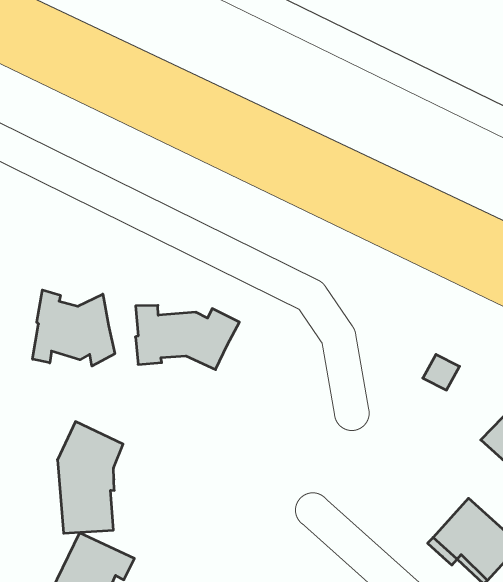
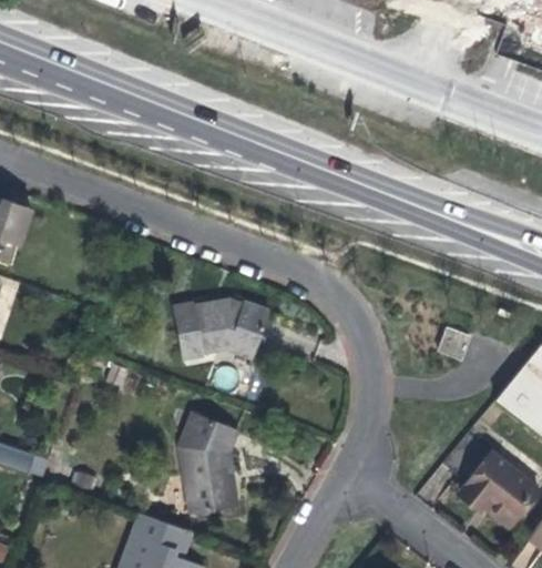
building: [33,290,115,366] -> none
building: [57,422,123,533] -> [178,413,236,514]

